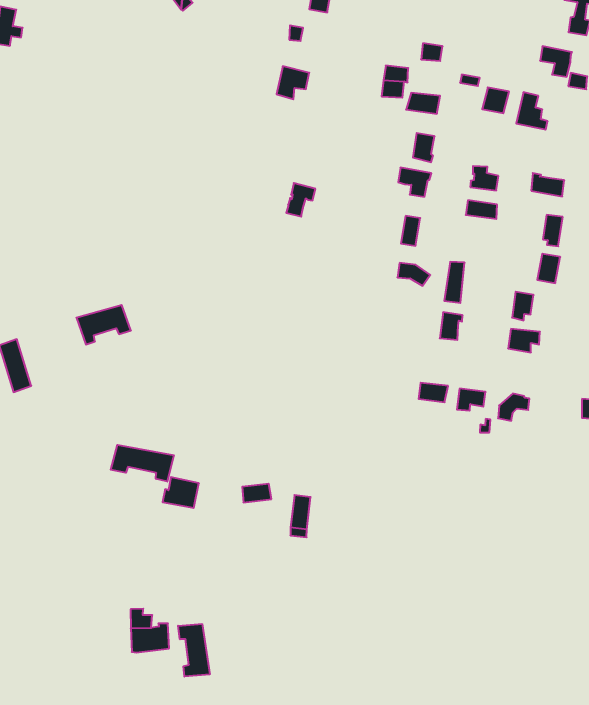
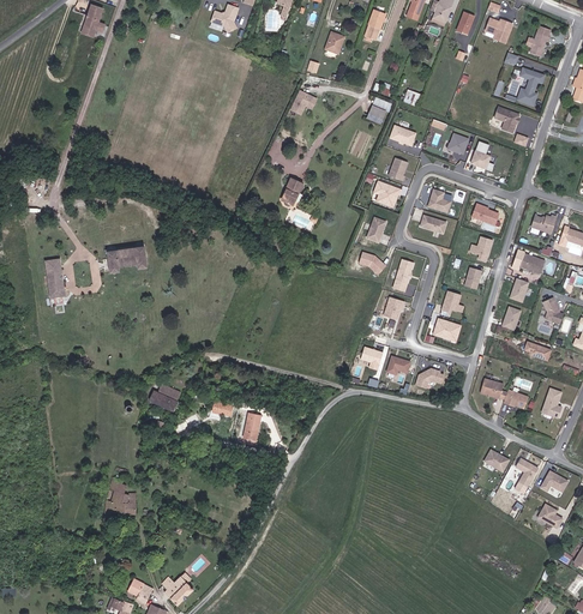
building: [111,445,174,482] -> none
building: [178,624,210,677] -> none

